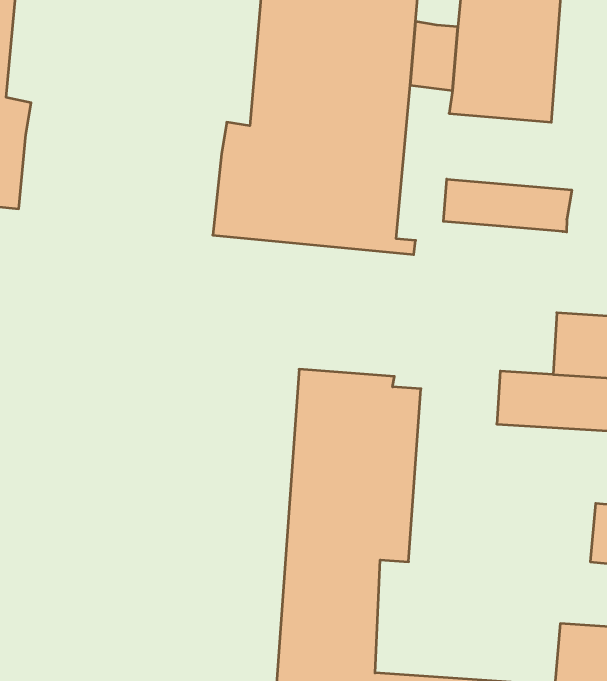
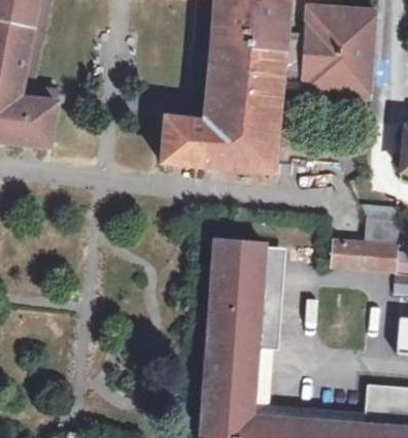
building: [443,179,572,232] -> none

